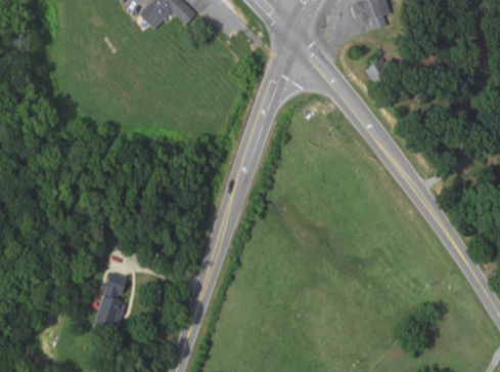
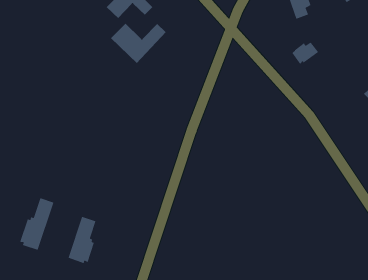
building: none -> [110,23,167,64]
building: none -> [19,197,55,251]

